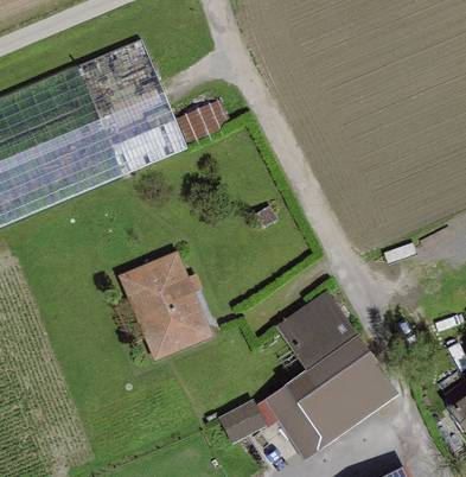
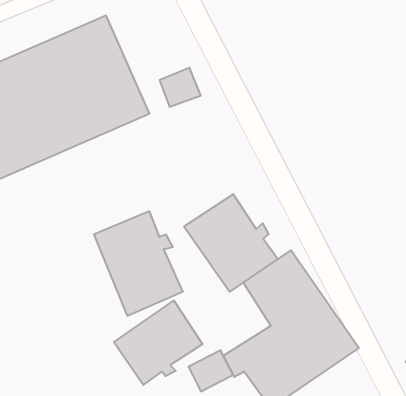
building: none -> [184,194,278,292]
building: none -> [114,300,203,385]

